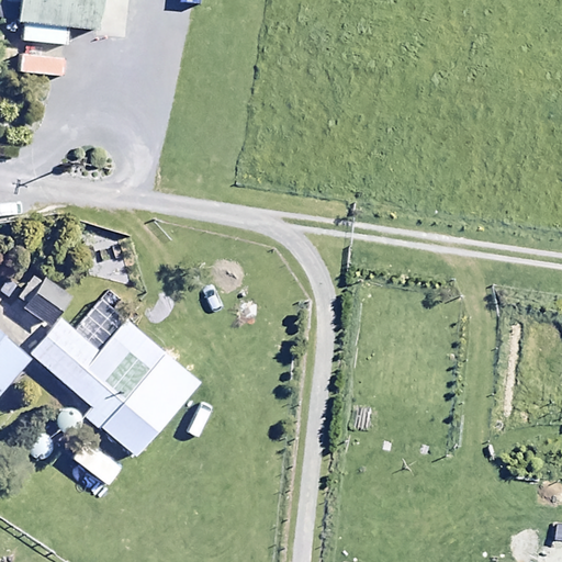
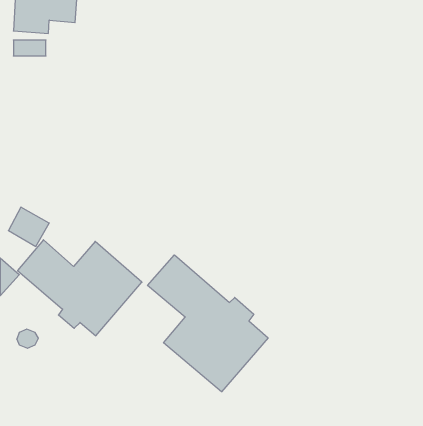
building: none -> [148,255,268,392]

